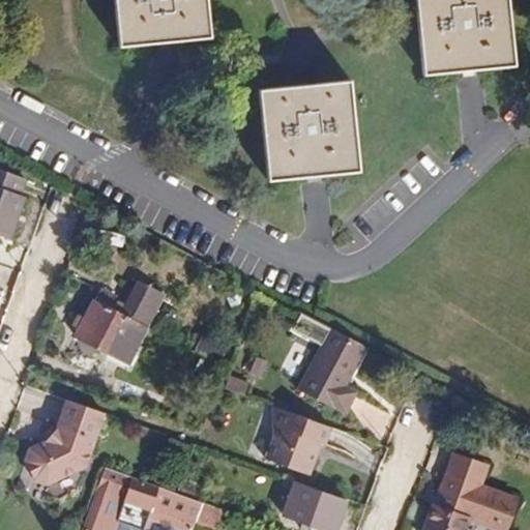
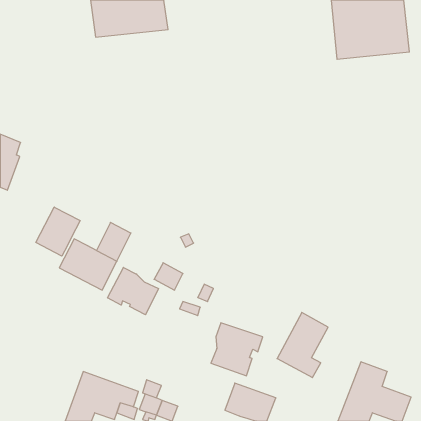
building: [259,81,359,181] -> none
building: none -> [36,207,80,256]
building: [300,329,364,411] -> [277,312,328,378]
building: none -> [108,267,158,315]
building: [26,399,106,484] -> none

